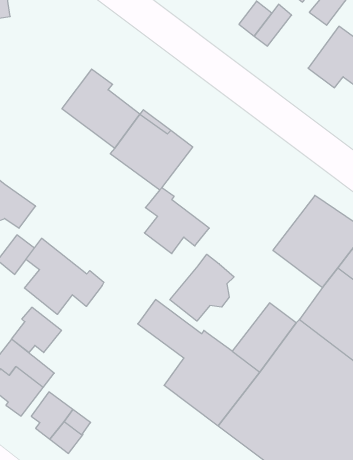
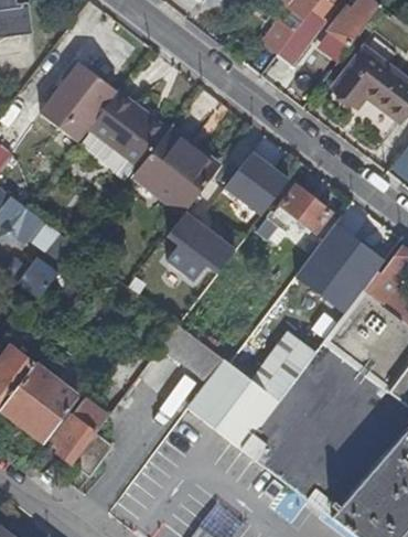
building: none -> [41,63,115,141]
building: none -> [224,157,288,215]
building: none -> [262,185,331,238]
building: [24,238,104,314] -> none
building: [170,254,234,321] -> none
building: [12,307,61,353] -> none

